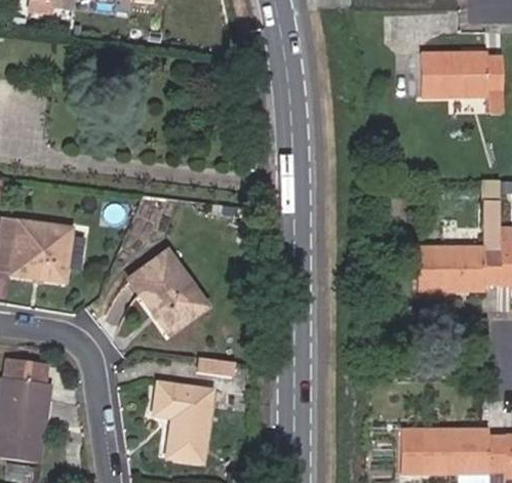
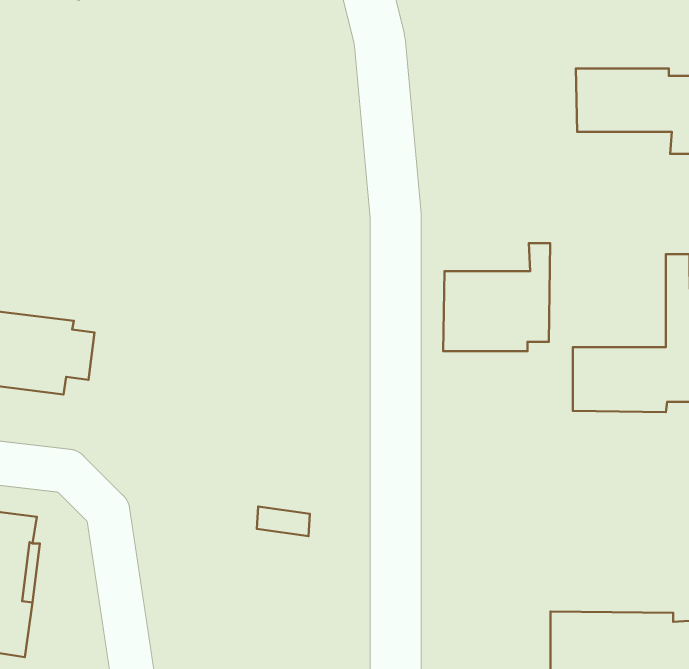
building: none -> [443,243,550,351]
building: [129,251,206,332] -> none
building: [154,384,210,461] -> none

